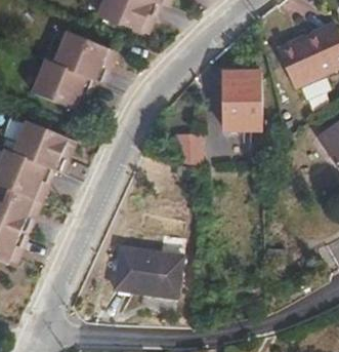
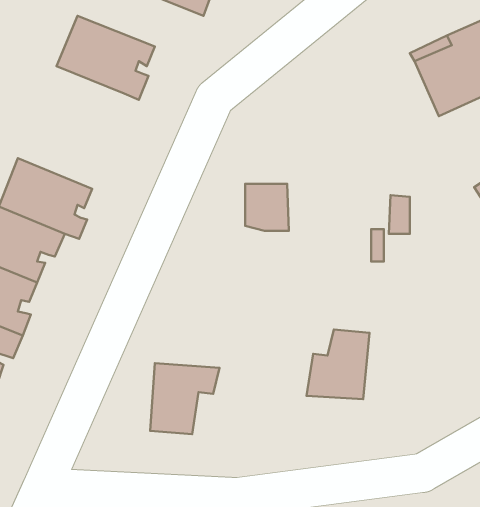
building: [32,57,94,109] -> none
building: [220,72,258,132] -> none
building: [137,252,177,297] -> [307,330,369,399]

